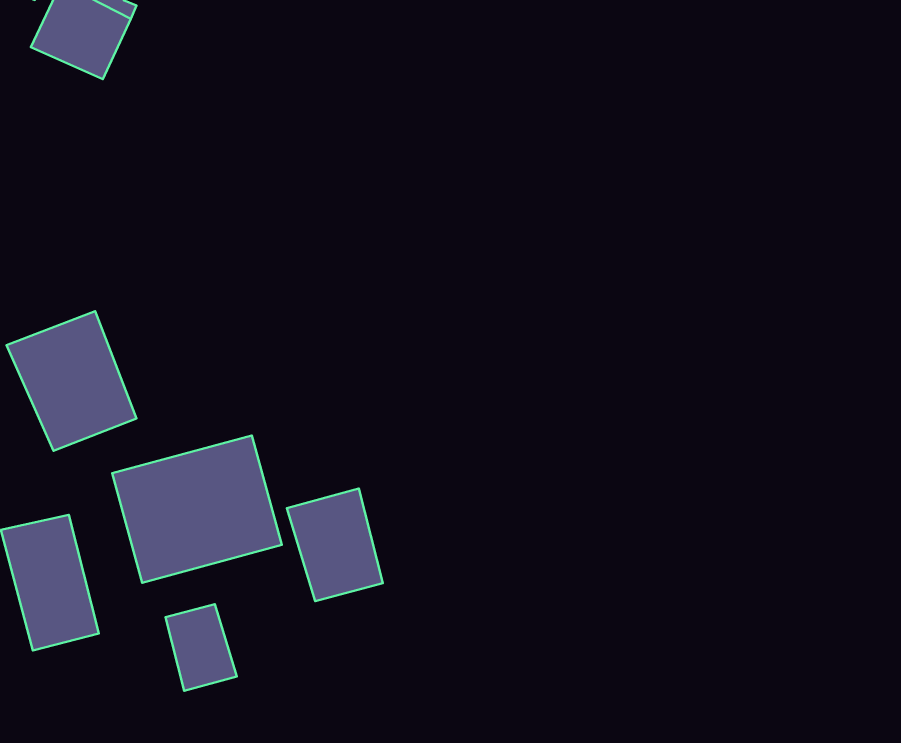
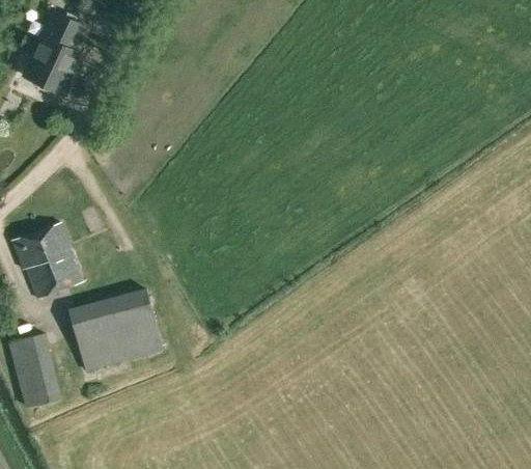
building: [287,489,383,601] -> none
building: [166,604,237,691] -> none

